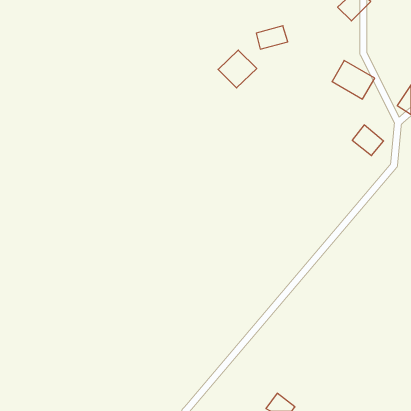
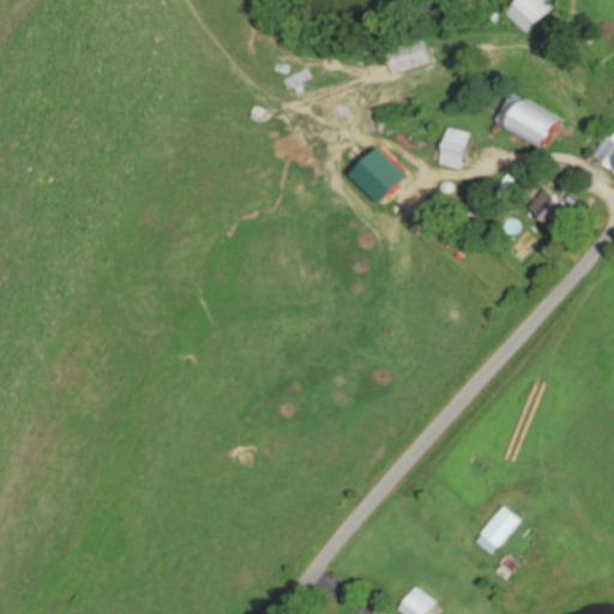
building: [218,50,257,88] -> [351,146,409,203]
building: none -> [438,126,468,168]
building: none -> [474,505,518,554]

